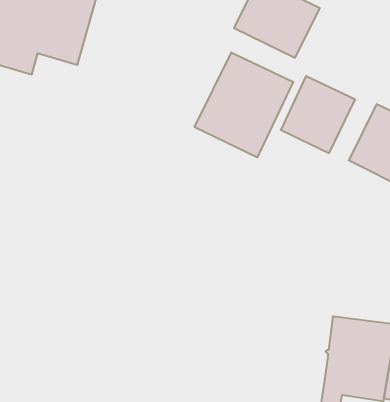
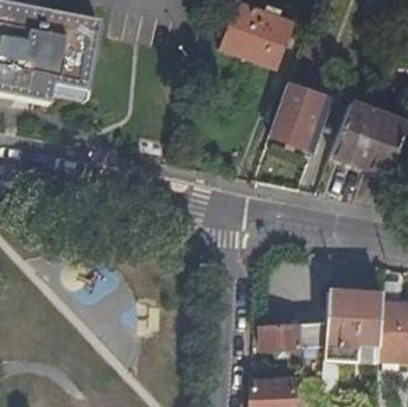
building: [195,52,293,157] -> none
building: none -> [260,323,327,350]

